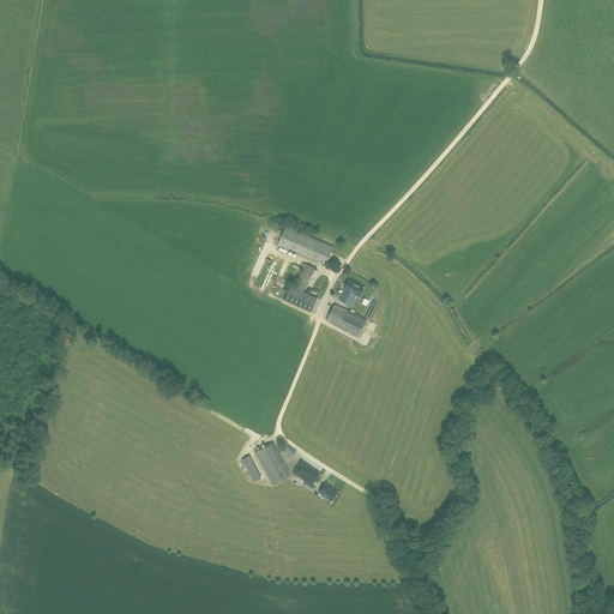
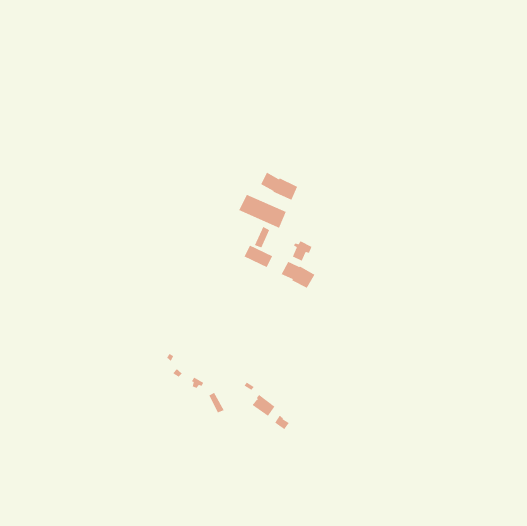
building: none -> [260,172,298,201]
building: [255,441,289,484] -> none

